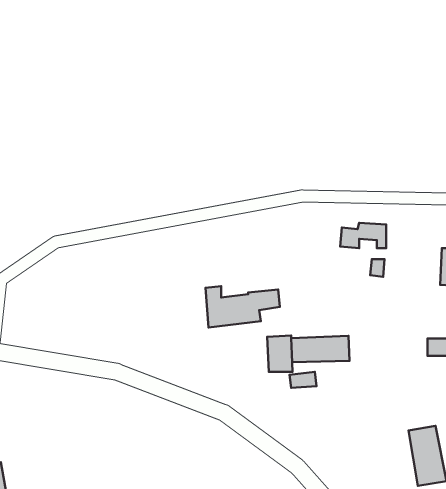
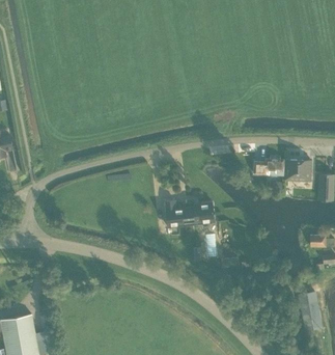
building: none -> [283,161,311,183]
building: [291,336,350,362] -> none

